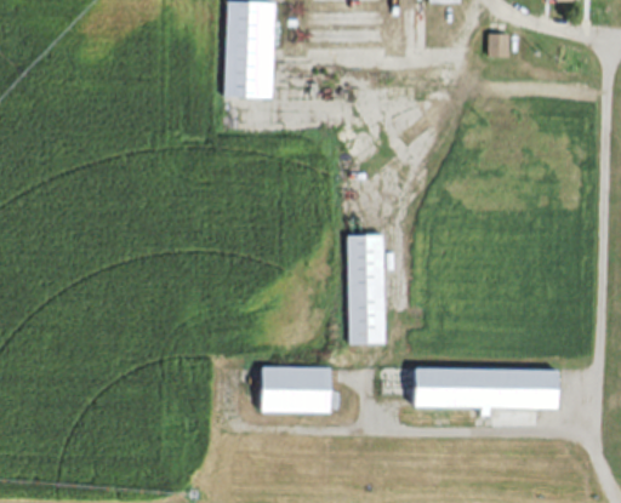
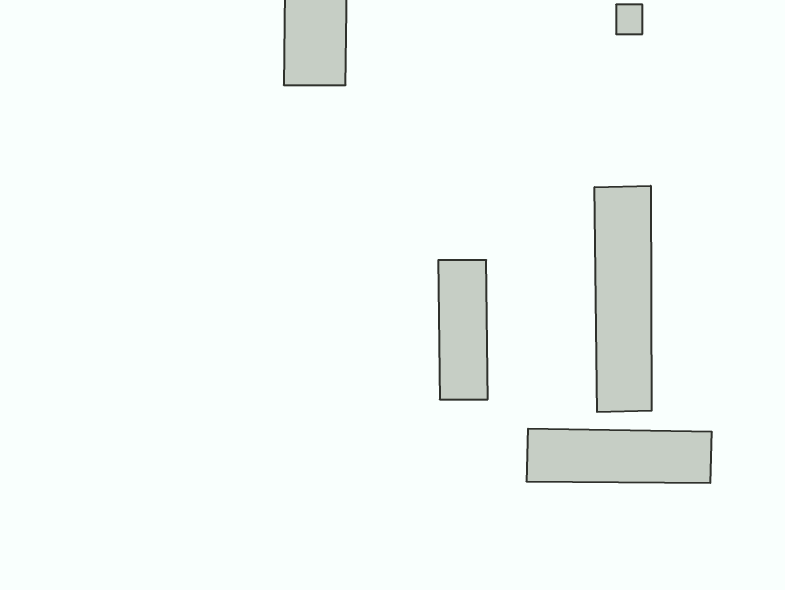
building: none -> [595,186,652,412]
building: [260,366,332,413] -> none

